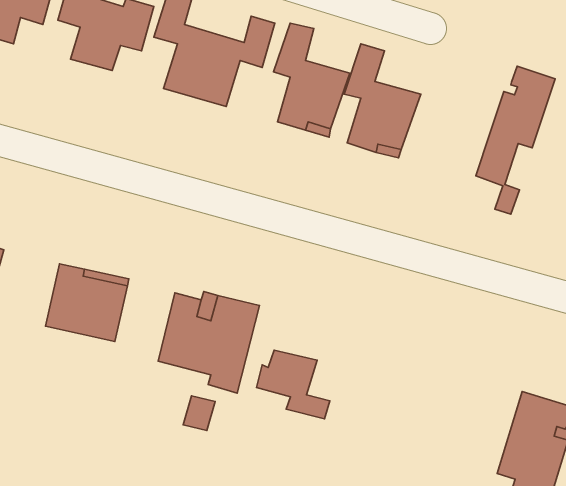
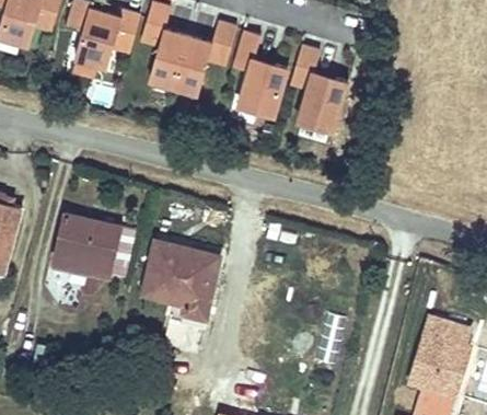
building: [476,66,555,214] -> none
building: [257,350,330,419] -> none

